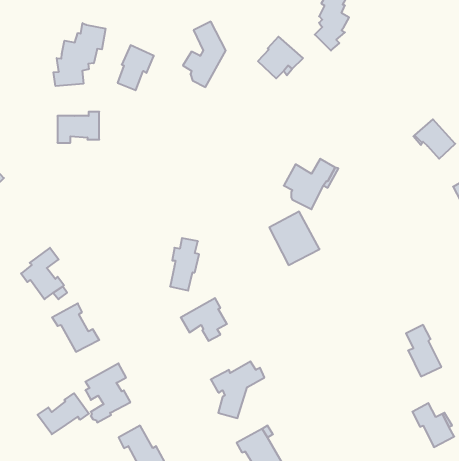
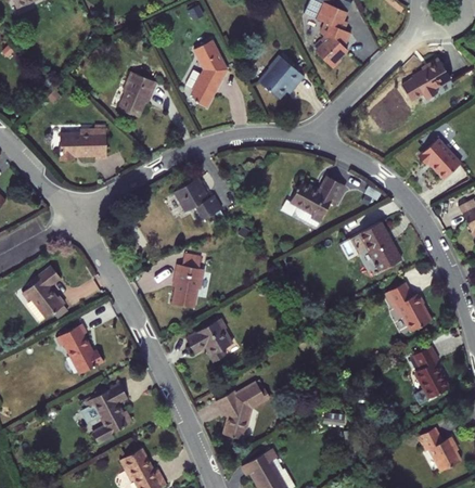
building: [53,23,106,86] -> none
building: none -> [411,57,449,99]
building: none -> [172,182,221,224]
building: [269,212,320,265] -> [349,223,400,278]
building: none -> [384,283,429,332]
building: [38,393,89,434] -> none

